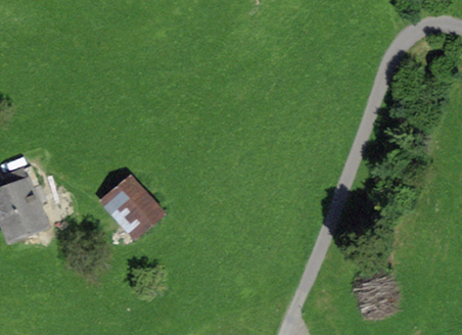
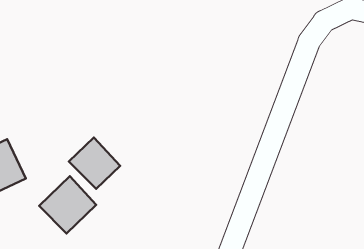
building: none -> [39,176,96,233]

